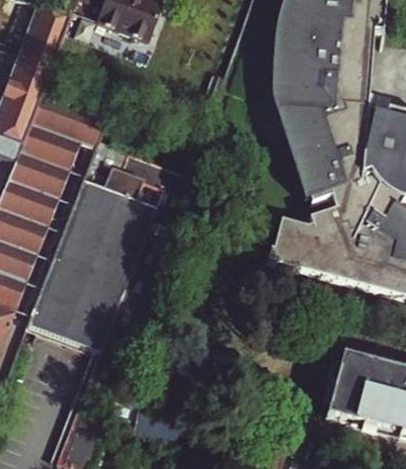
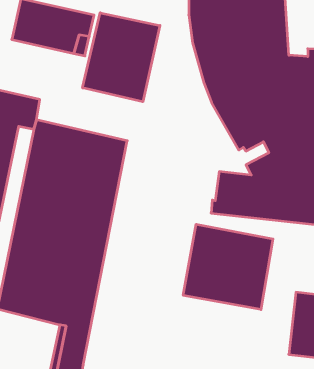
building: none -> [83,13,160,102]
building: none -> [183,224,273,310]

